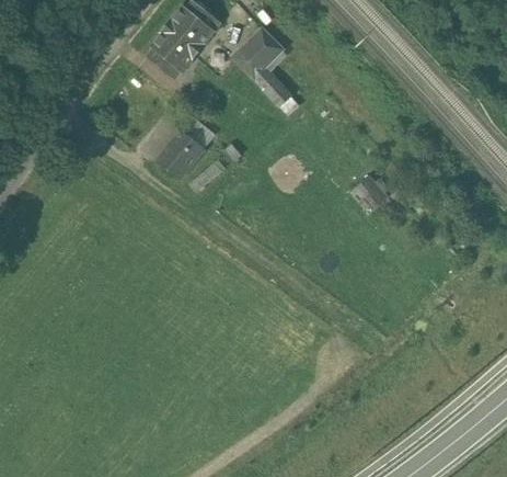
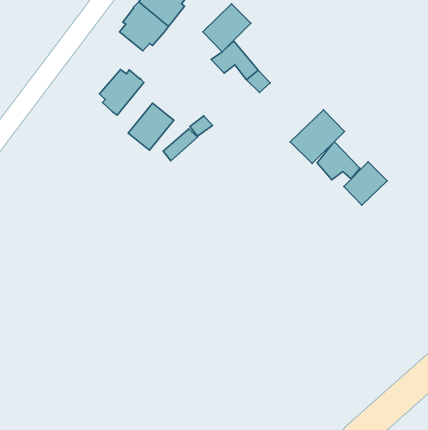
building: none -> [99,69,144,115]
building: none -> [290,110,344,163]
building: none -> [344,162,387,205]

